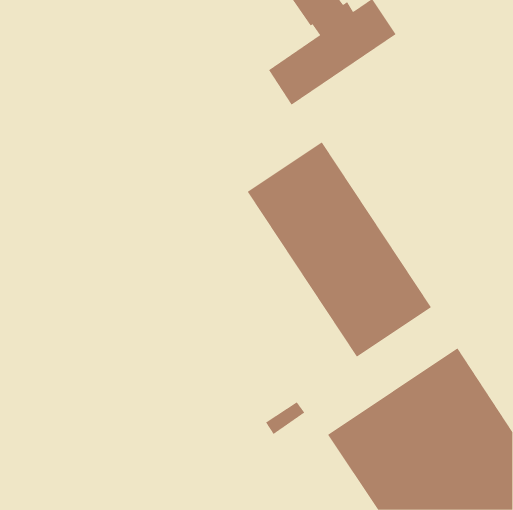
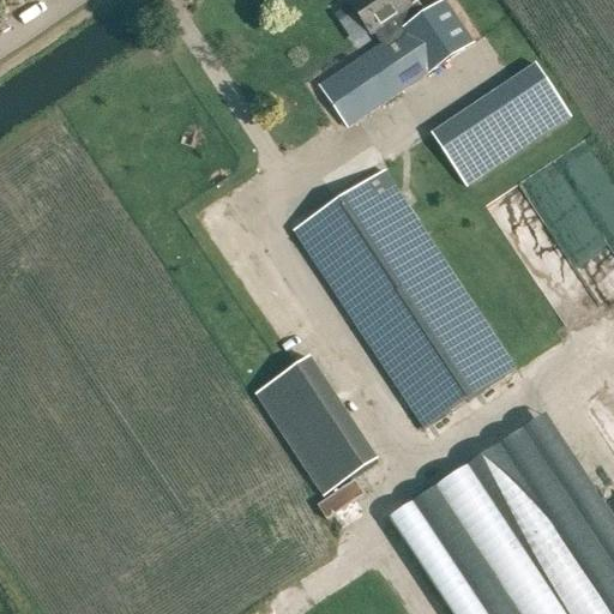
building: none -> [434,64,571,185]
building: none -> [251,354,372,494]

